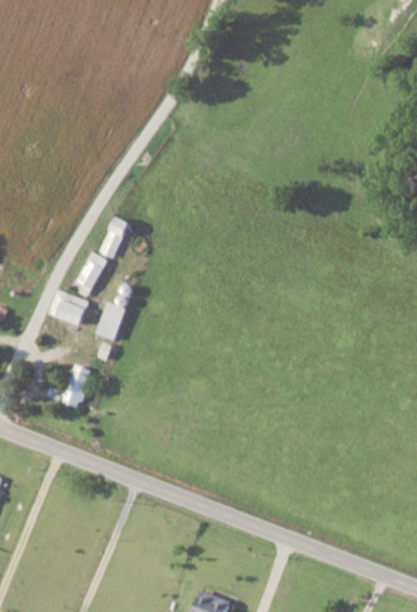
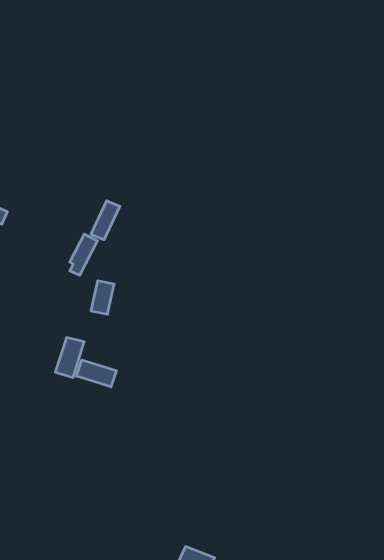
building: [49,291,89,326] -> none
building: none -> [76,360,116,387]

